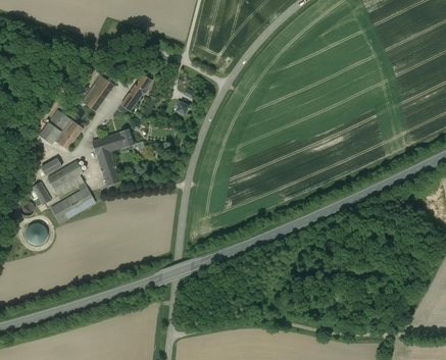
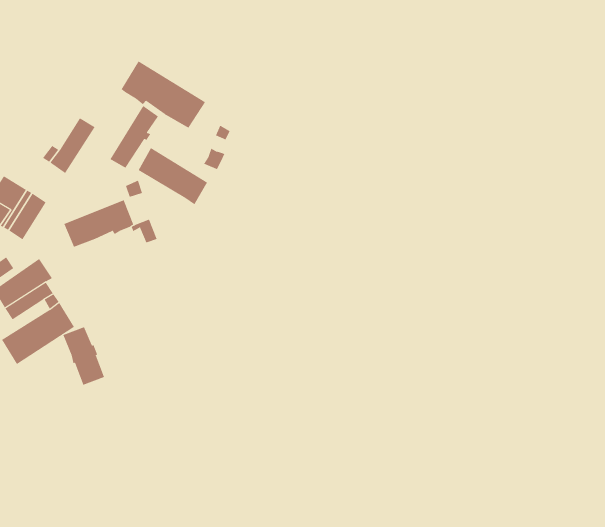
building: none -> [121,60,206,129]
building: none -> [138,147,208,205]
building: [96,151,119,186] -> [63,327,105,385]

